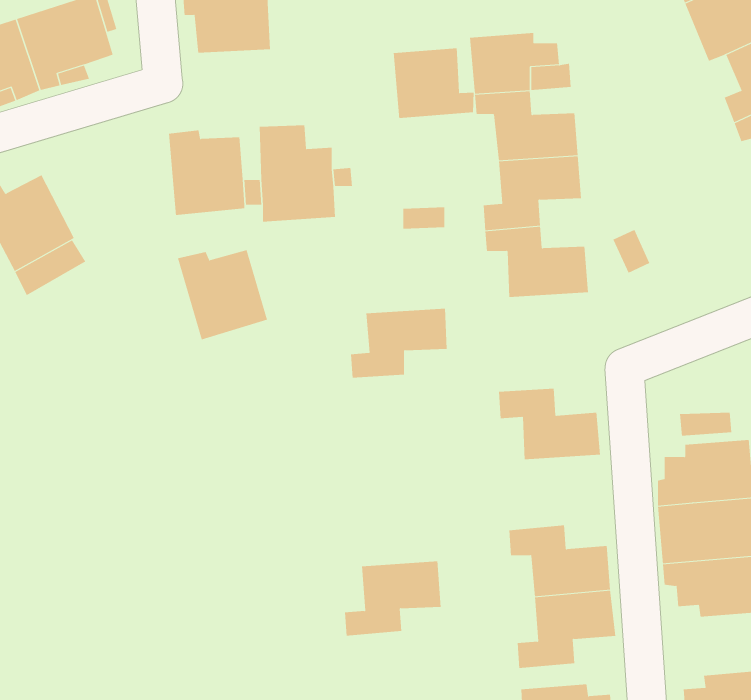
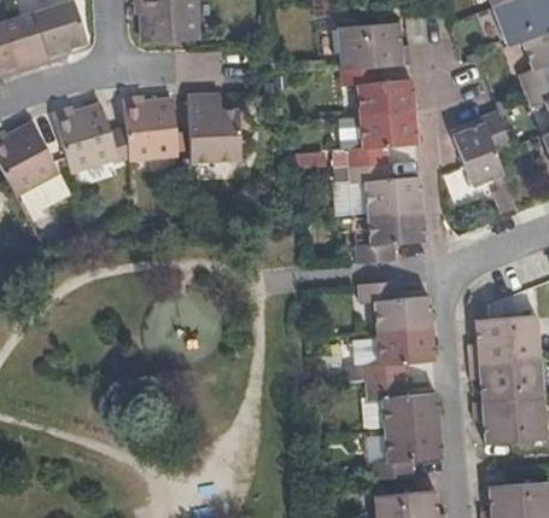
building: [393,47,474,119] -> none
building: none -> [452,114,510,186]
building: [177,250,268,340] -> [57,107,121,171]
building: [350,308,448,378] -> [355,211,424,261]
building: [344,561,442,636] -> [364,326,433,379]

